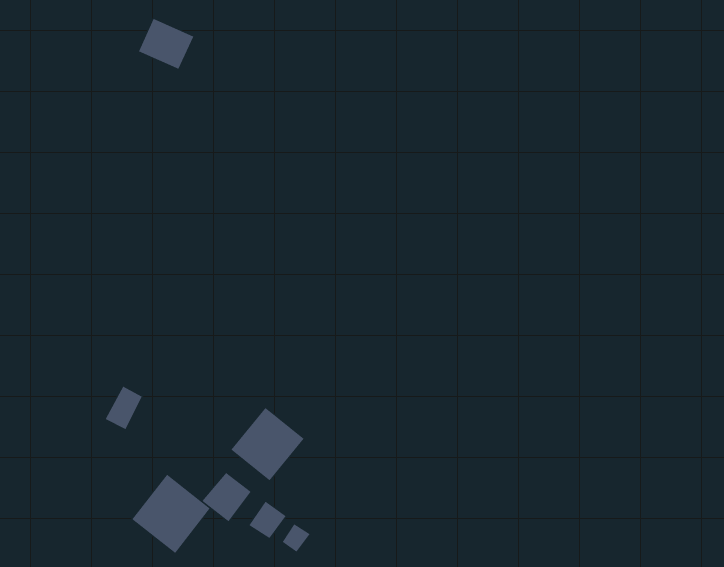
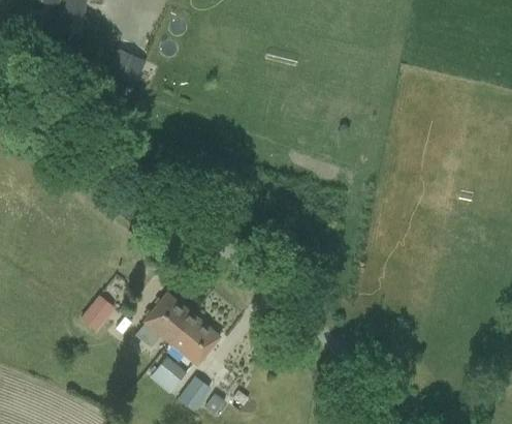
building: none -> [143,292,194,342]
building: [132,474,211,554] -> none

